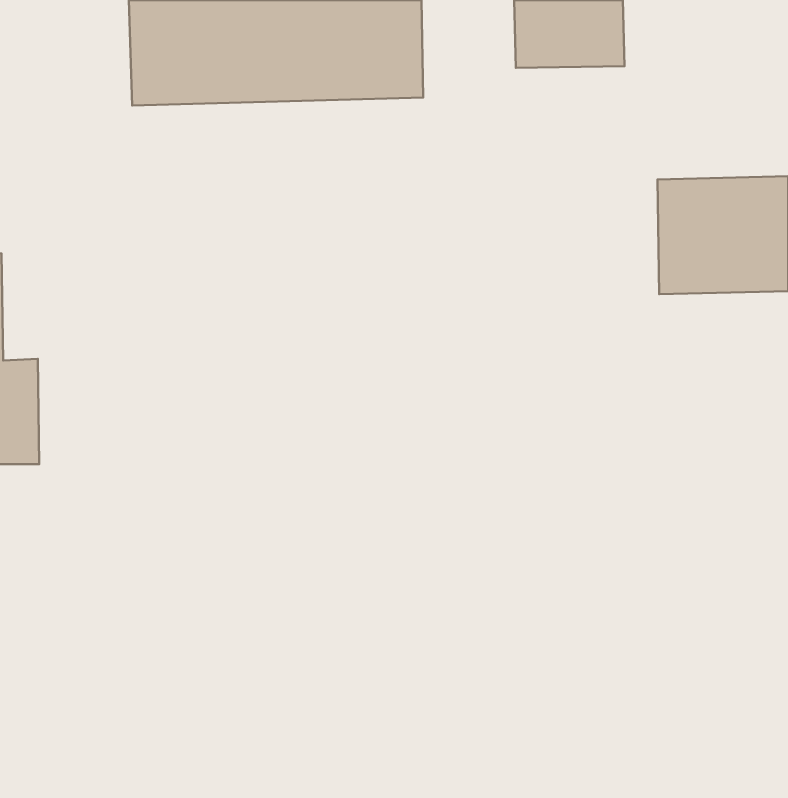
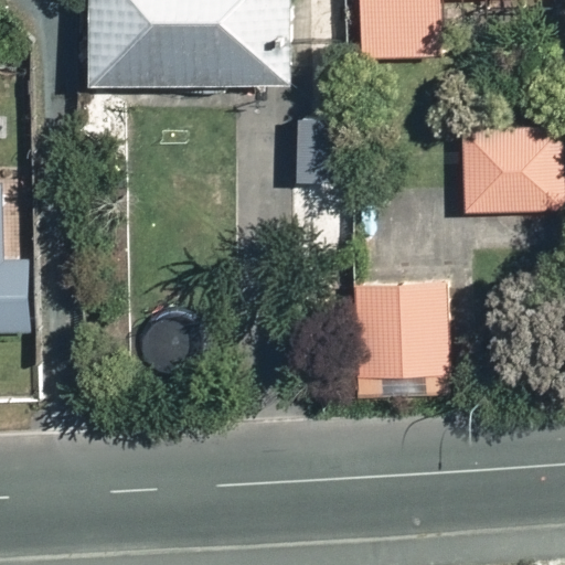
building: none -> [351,281,446,385]

